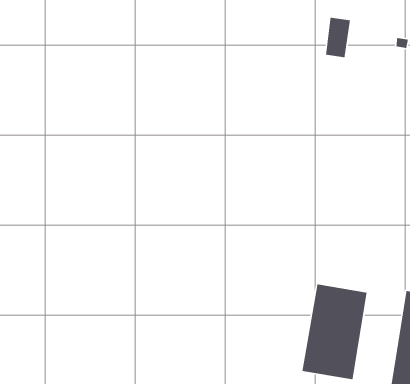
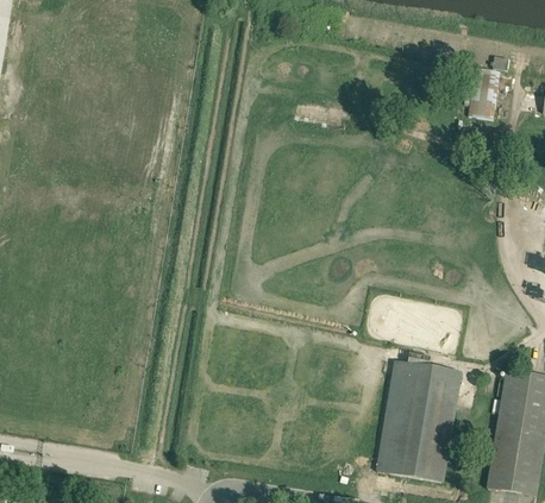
building: [325,17,351,58] -> [469,67,501,118]

